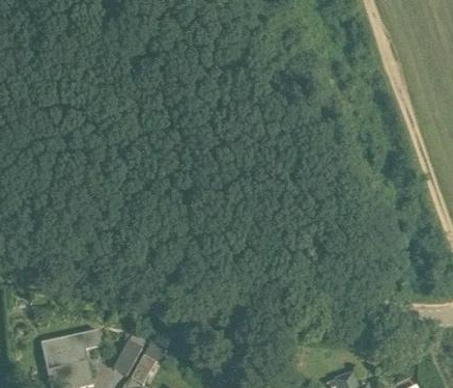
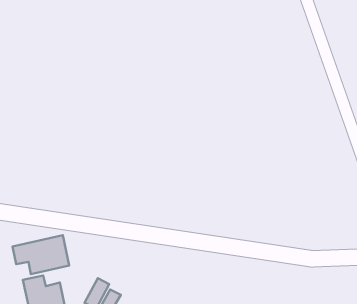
building: none -> [12,235,69,274]

